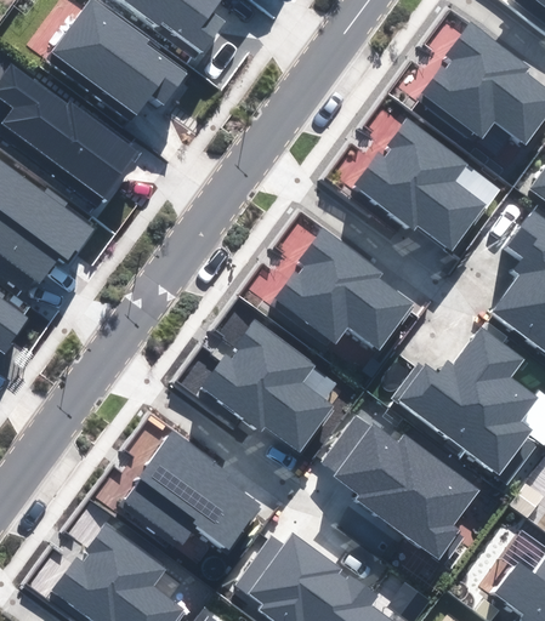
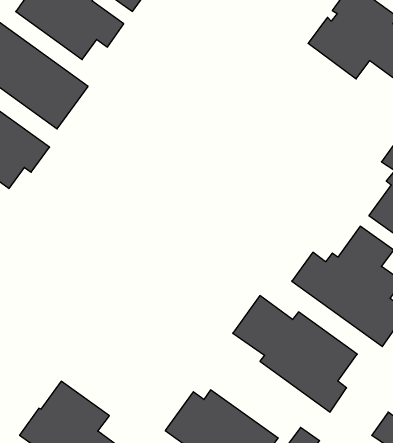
building: [356,118,484,249] -> none
building: [272,230,415,351] -> none
building: [201,321,331,449] -> none
building: [126,435,261,549] -> none

